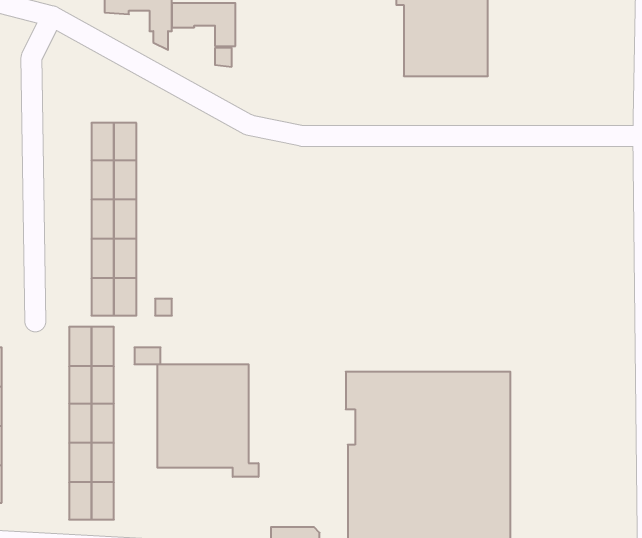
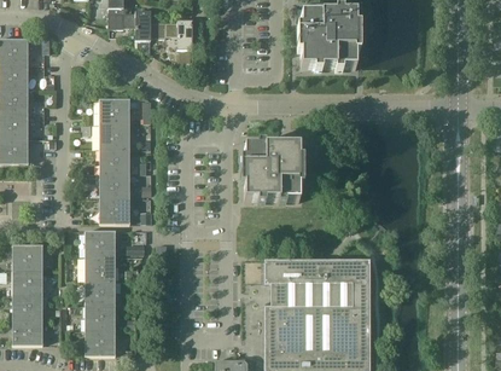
building: none -> [244,140,303,201]
building: [157,364,258,477] -> none

